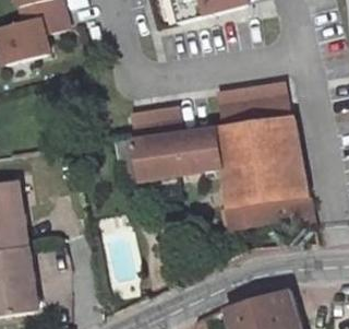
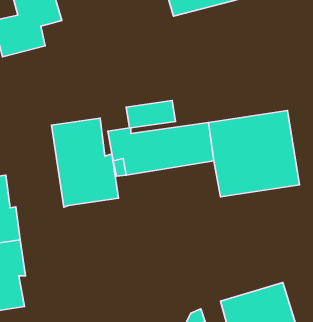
building: [220,83,289,122] -> none
building: none -> [51,118,118,207]
building: [227,191,311,227] -> none

